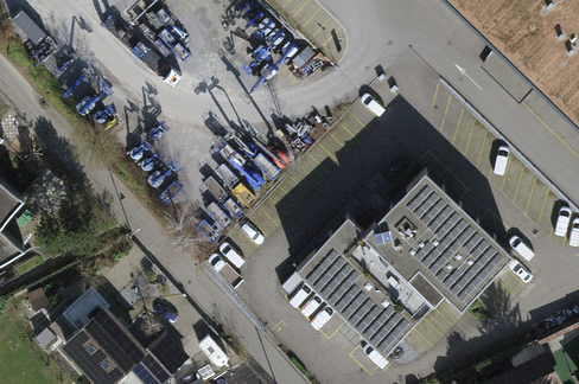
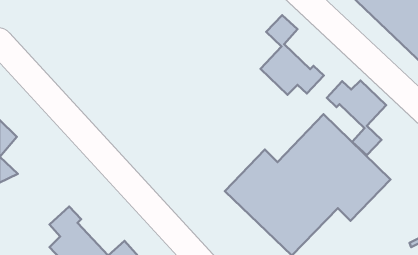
building: none -> [261,15,324,95]
building: none -> [327,80,386,155]

